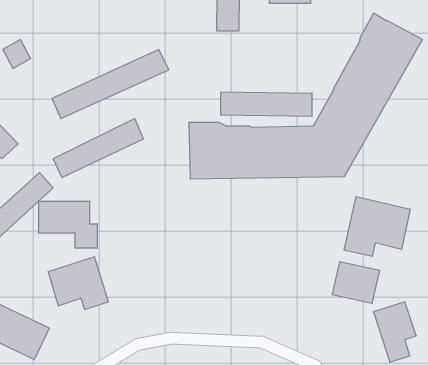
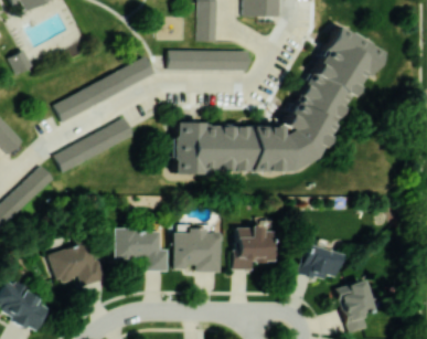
building: [221,92,312,116] -> [168,50,248,71]
building: [344,196,410,256] -> none
building: [38,201,97,248] -> [115,231,167,272]
building: none -> [235,227,275,271]
building: none -> [173,231,222,273]

